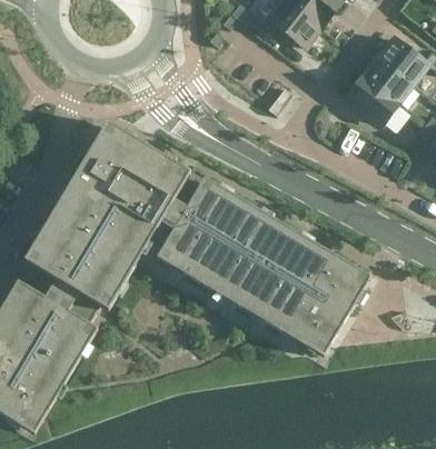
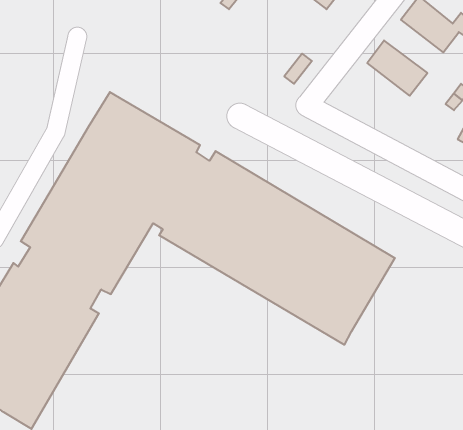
building: [359,56,414,104] -> none

